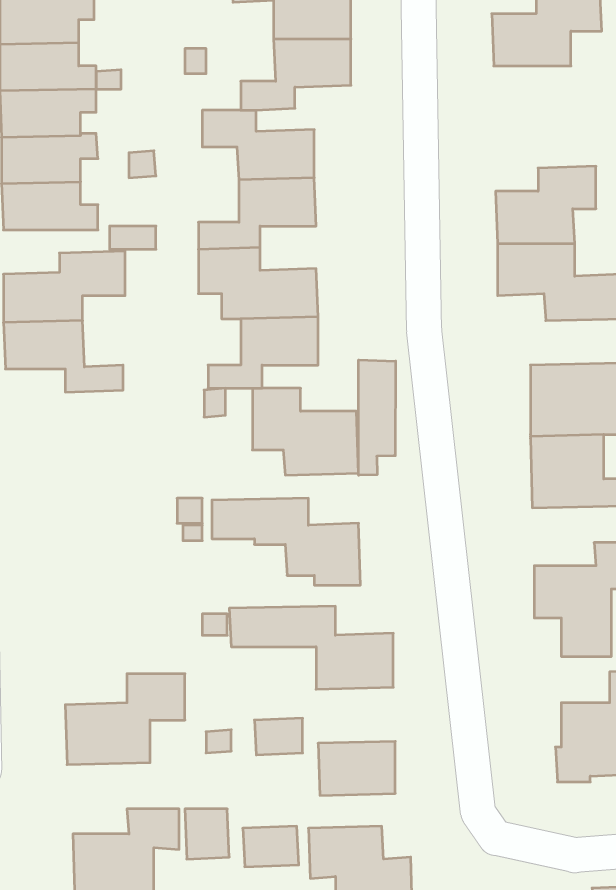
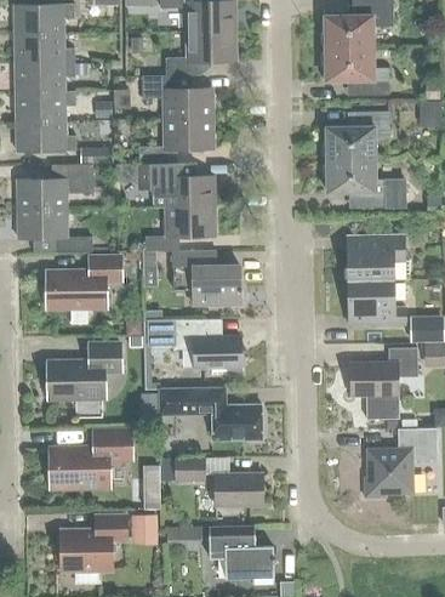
building: none -> [325,47,389,95]
building: [359,360,396,475] -> none
building: none -> [53,255,122,307]
building: none -> [55,343,121,397]

